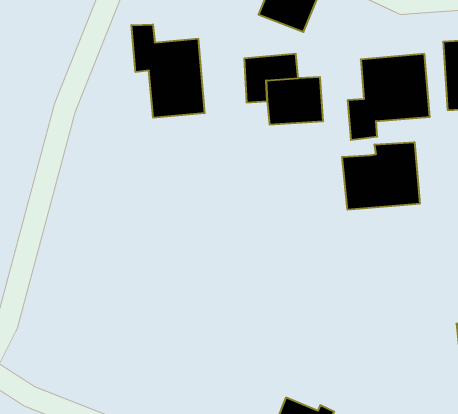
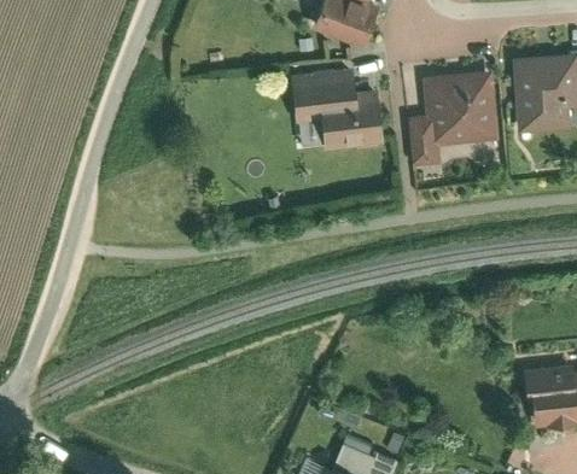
building: [131,24,205,118] -> none
building: [342,142,420,210] -> none

